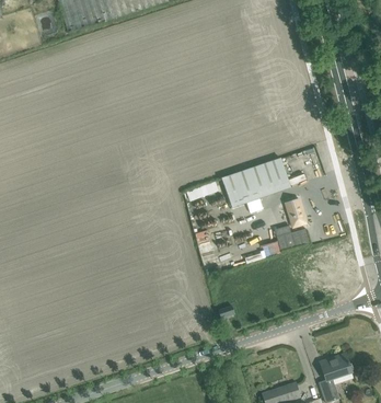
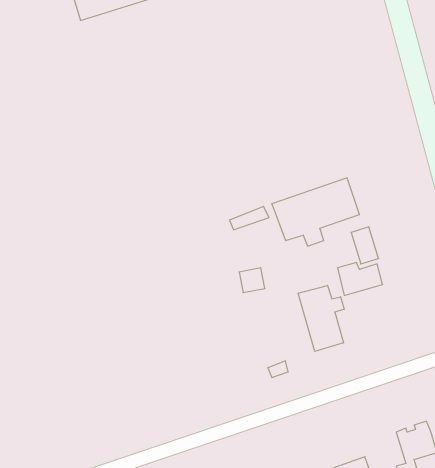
building: none -> [298,285,344,351]

